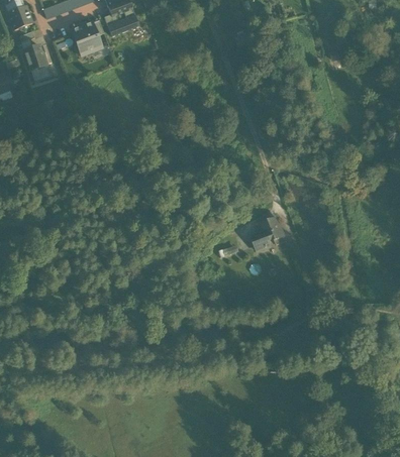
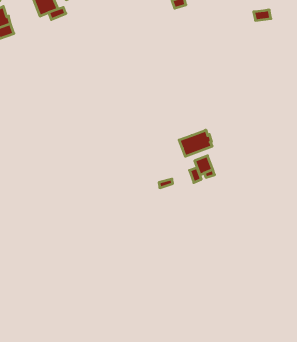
building: none -> [179,130,212,156]

